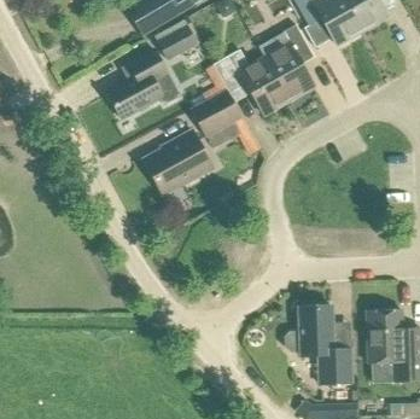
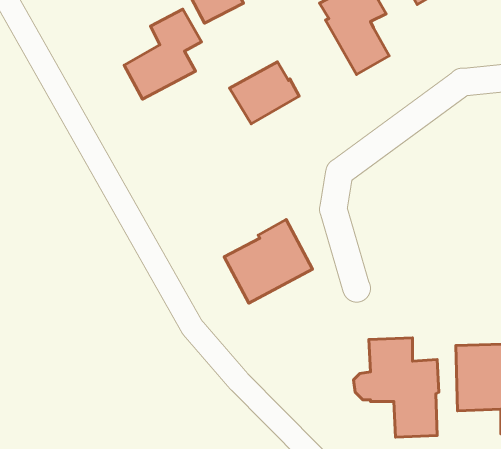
building: [214,48,288,114] -> none
building: [144,128,212,193] -> [224,220,313,303]

